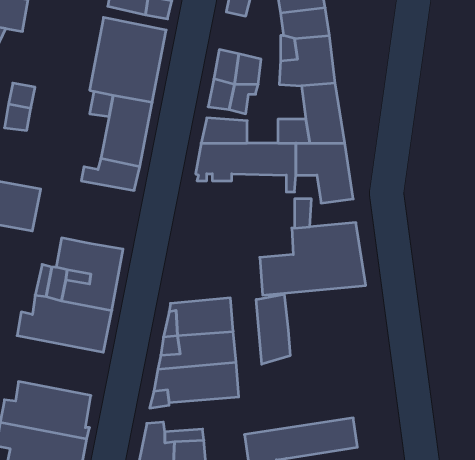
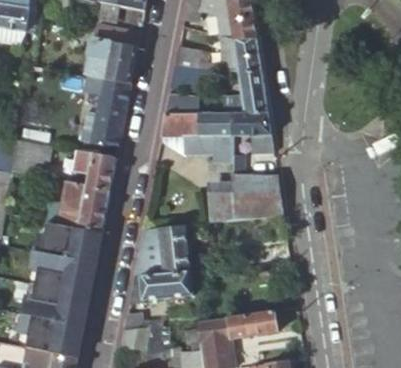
building: none -> [72,151,116,190]
building: [256,294,290,364] -> none
building: none -> [29,252,95,295]

